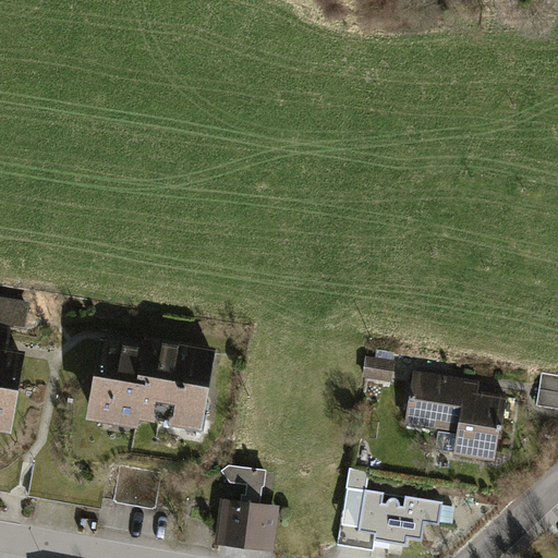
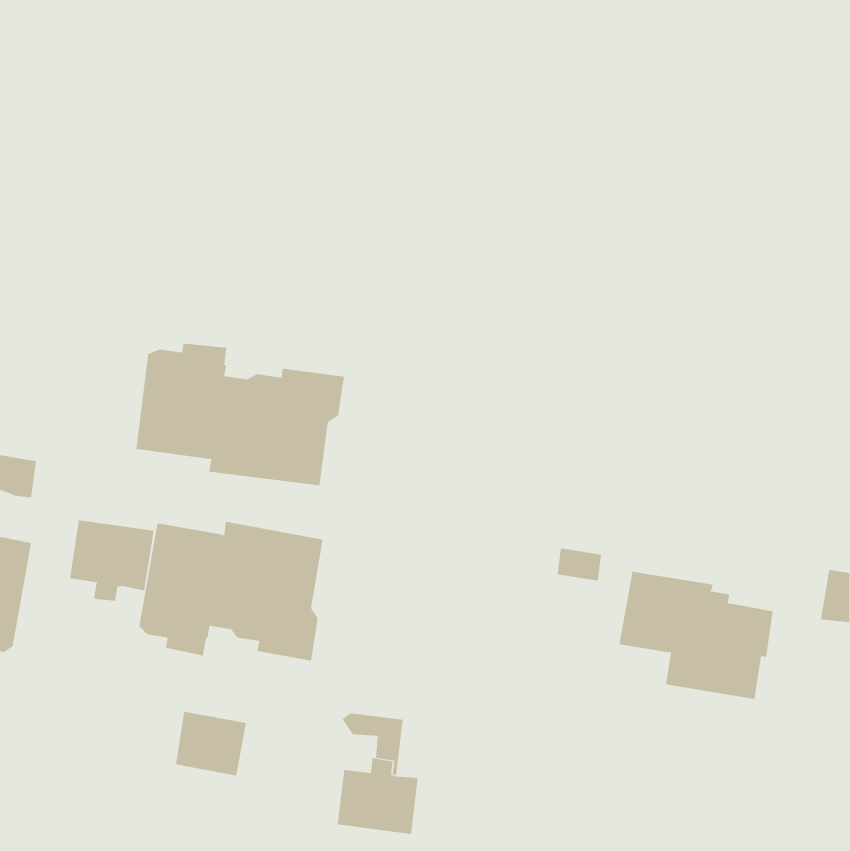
building: none -> [136,343,345,486]
building: none -> [69,519,154,601]
building: [337,469,456,550] -> none

